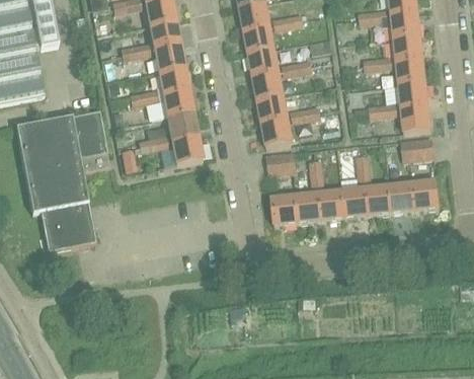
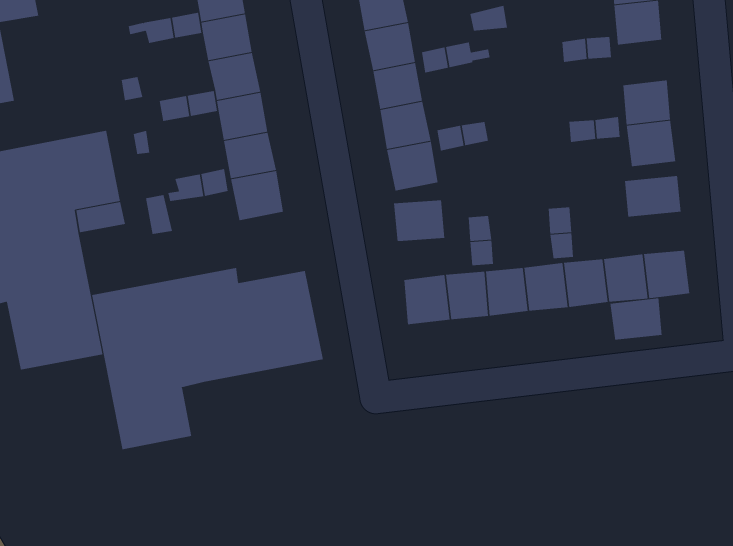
building: [396,59,425,85] -> none
building: none -> [92,267,323,450]
building: none -> [610,298,662,341]

